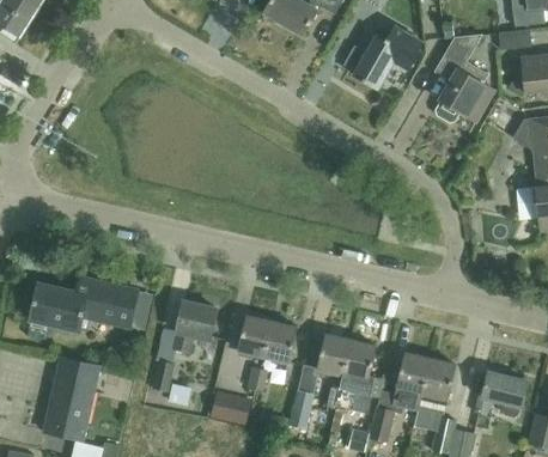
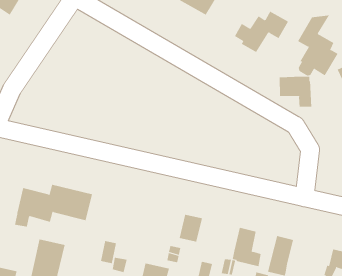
building: none -> [279,76,312,108]
building: [173,301,218,352] -> none
building: [238,316,272,357] -> none
building: [317,335,351,376] -> none
building: [419,359,455,406] -> none

